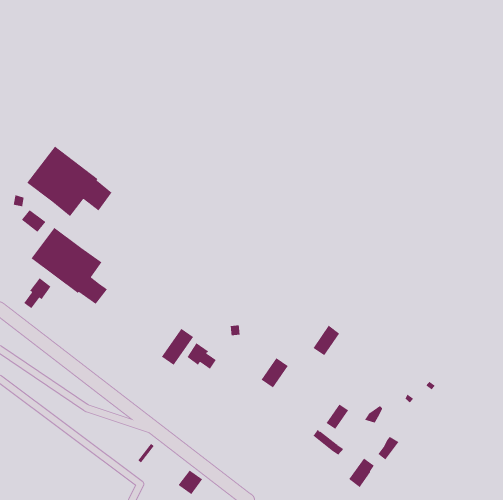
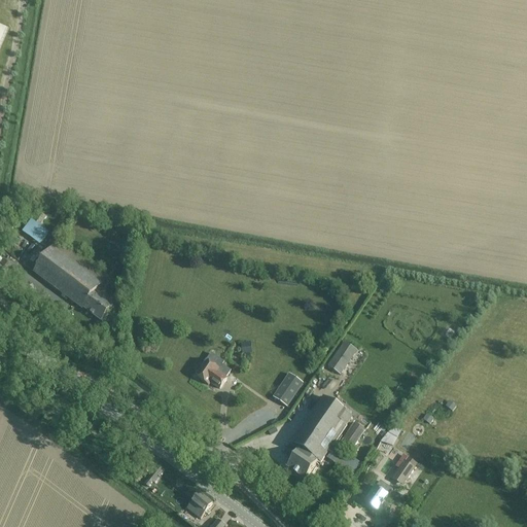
building: [26,145,112,217] -> none
building: [23,277,52,309] -> none
building: [161,328,194,366] -> none
building: none -> [286,394,351,476]

